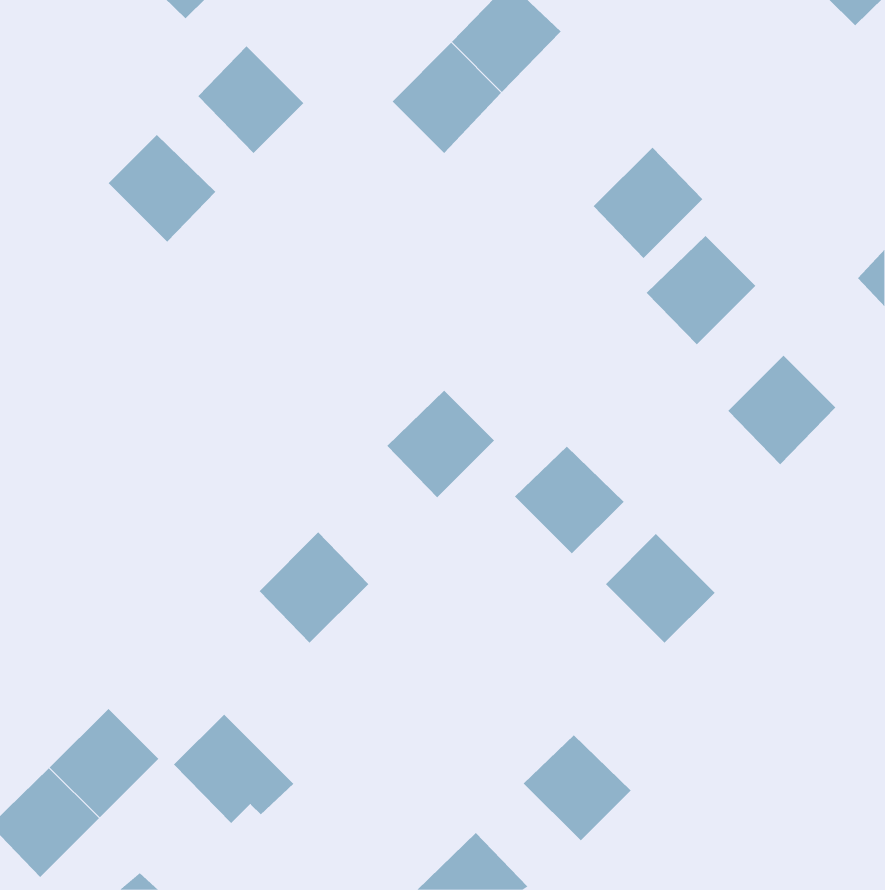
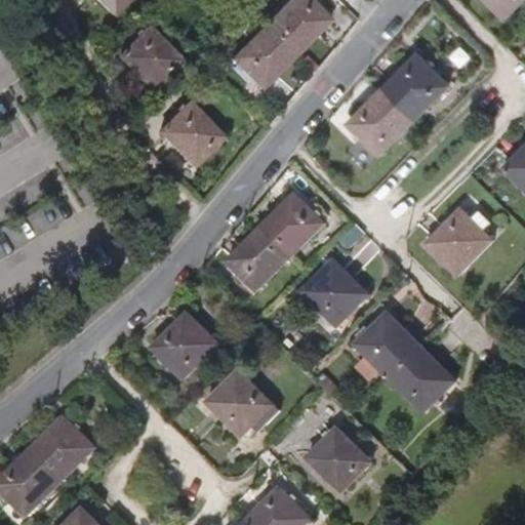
building: [108,134,216,242] -> [154,100,217,164]
building: [646,235,756,345] -> [382,52,447,117]
building: none -> [260,194,325,258]
building: none -> [390,348,453,412]
building: [173,714,294,824] -> [206,371,277,436]

